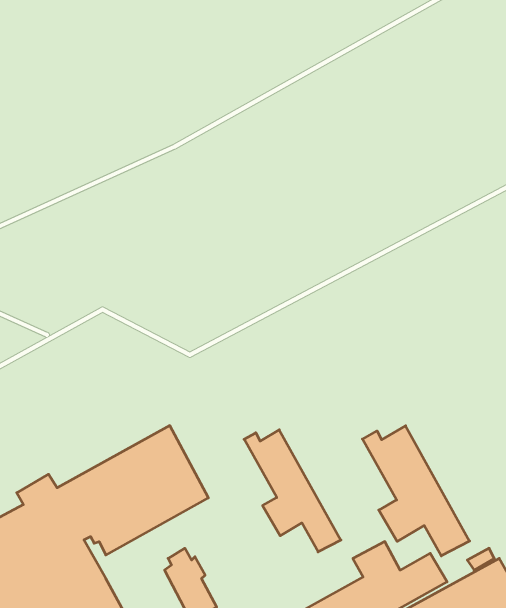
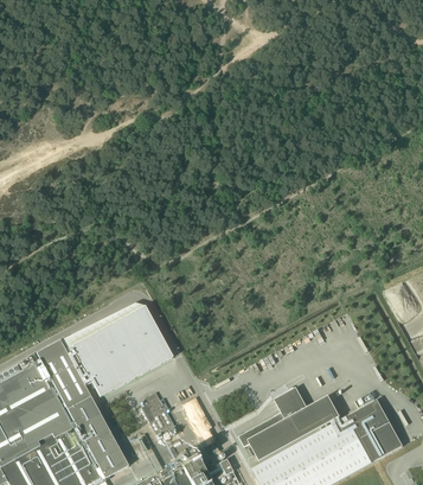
building: [362,426,470,556] -> none
building: [244,430,341,552] -> none

